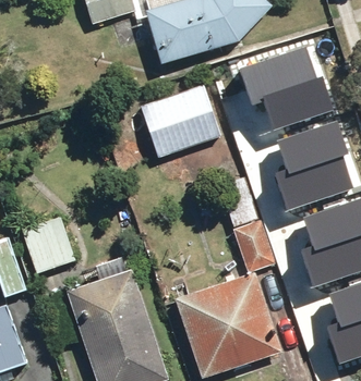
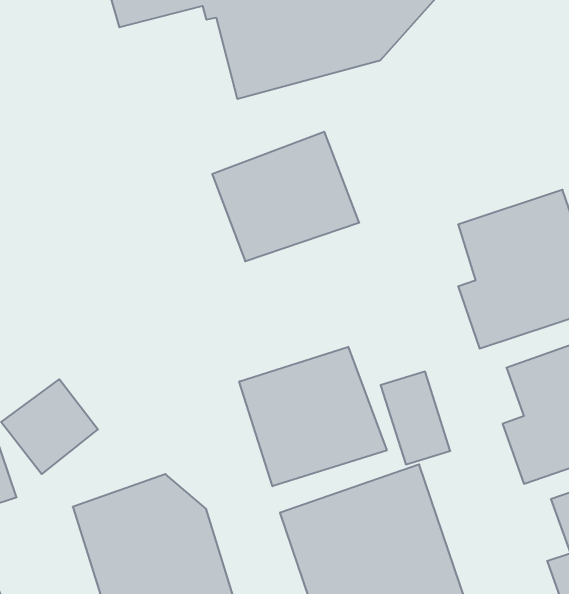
building: [242,46,335,126] -> none
building: none -> [239,347,387,486]

